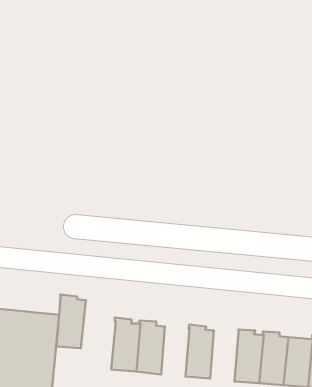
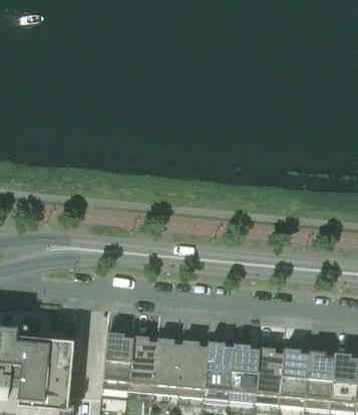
building: [56,294,86,348] -> [102,335,132,390]
building: none -> [178,342,208,397]
building: none -> [229,346,258,402]

